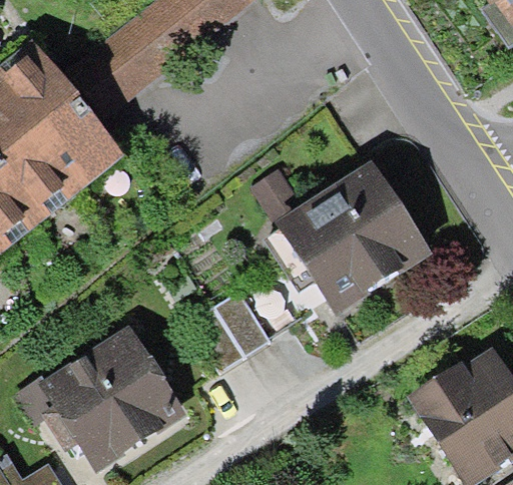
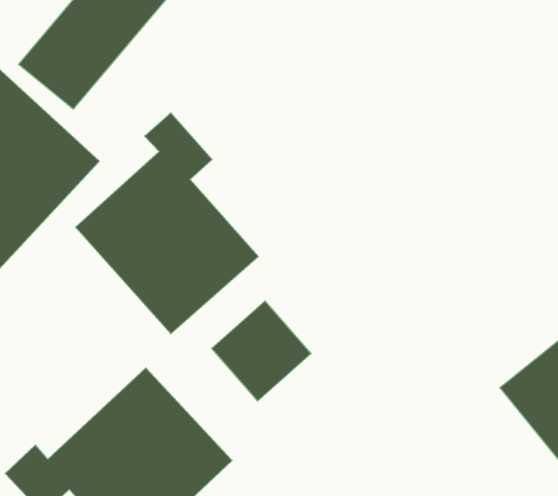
building: none -> [76,113,258,334]
building: [277,160,432,313] -> none

